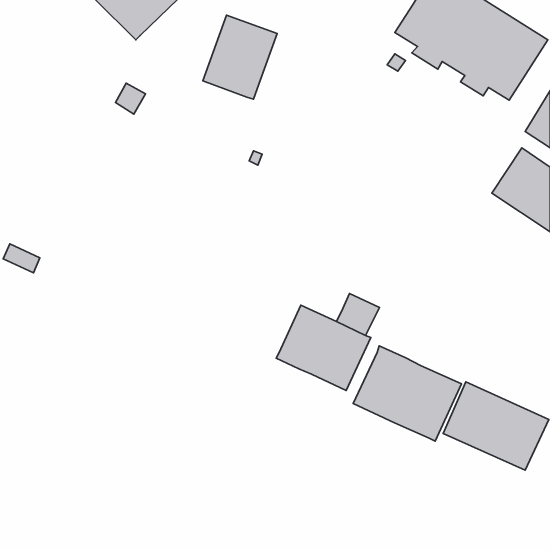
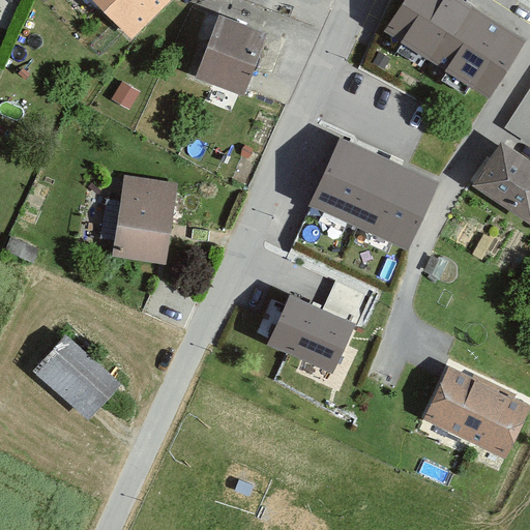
building: none -> [310,139,438,251]
building: none -> [112,176,176,263]
building: [353,346,461,441] -> none
building: none -> [33,334,121,420]

